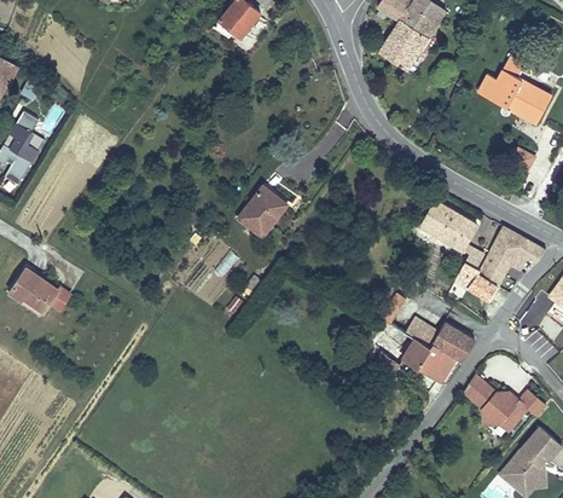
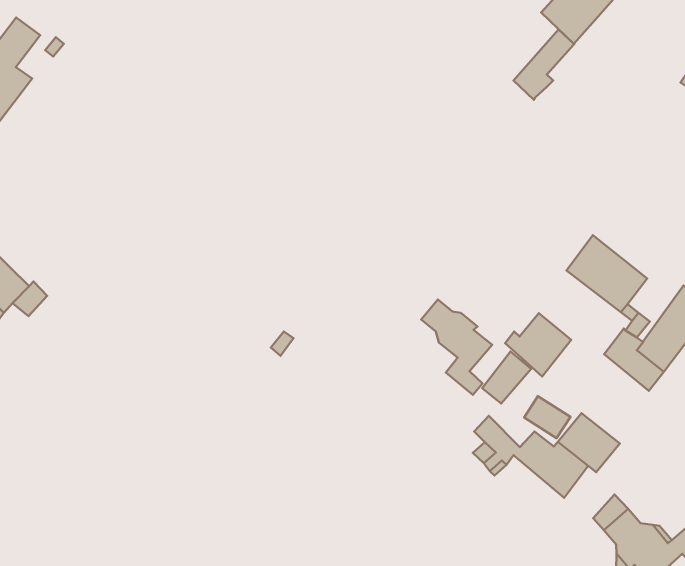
building: none -> [514,30,574,100]
building: [245,191,289,236] -> none
building: none -> [505,313,571,377]
building: none -> [421,300,492,395]

